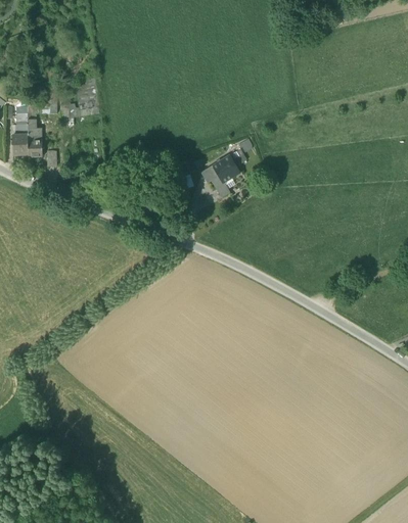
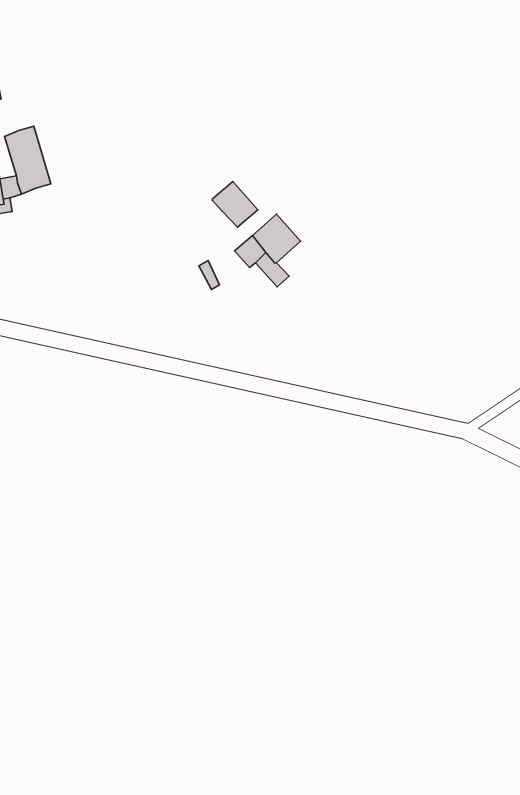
building: none -> [212,181,258,227]

